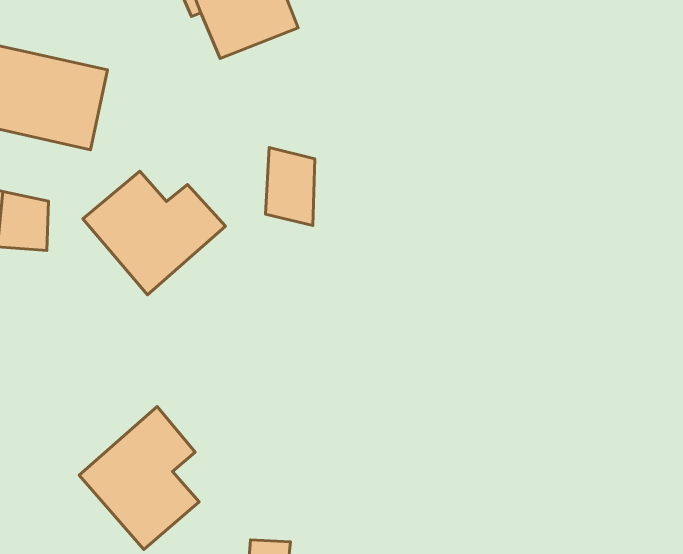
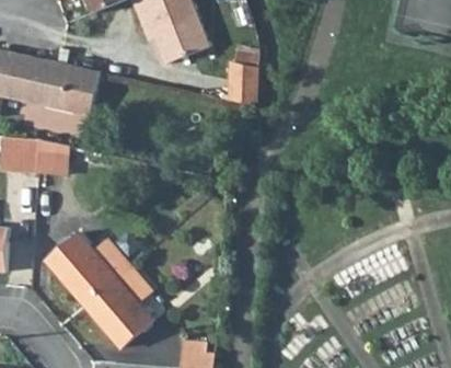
building: [265,148,315,226] -> [229,60,257,105]
building: [83,171,226,295] -> [46,232,128,303]

